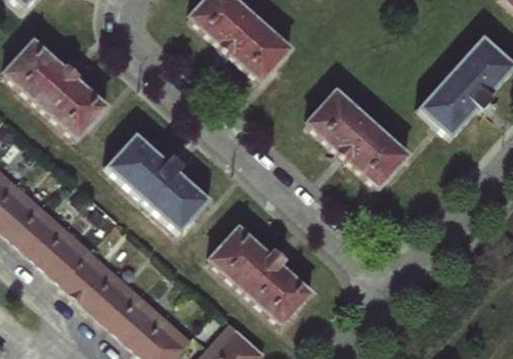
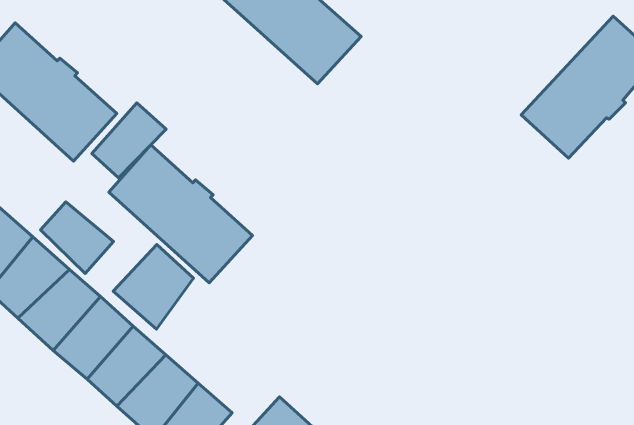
building: [301,87,410,190] -> none
building: none -> [92,103,166,178]
building: none -> [40,202,114,274]
building: none -> [113,245,194,329]
building: [206,224,314,328] -> none

